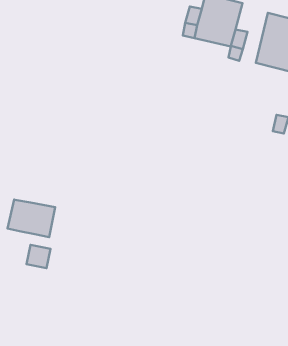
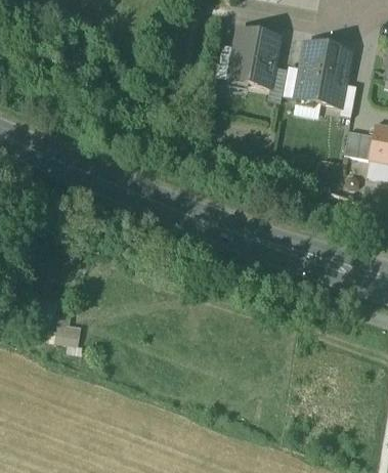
building: [8,200,55,237] -> none

